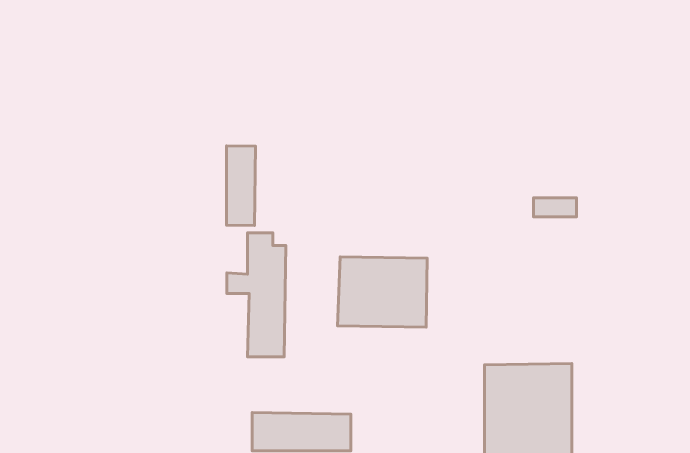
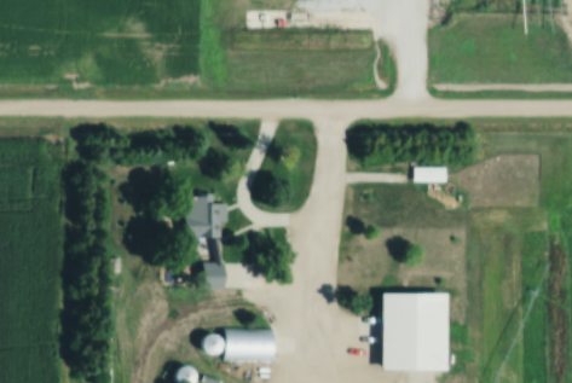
building: [226,146,256,226] -> none
building: [338,257,427,327] -> none

